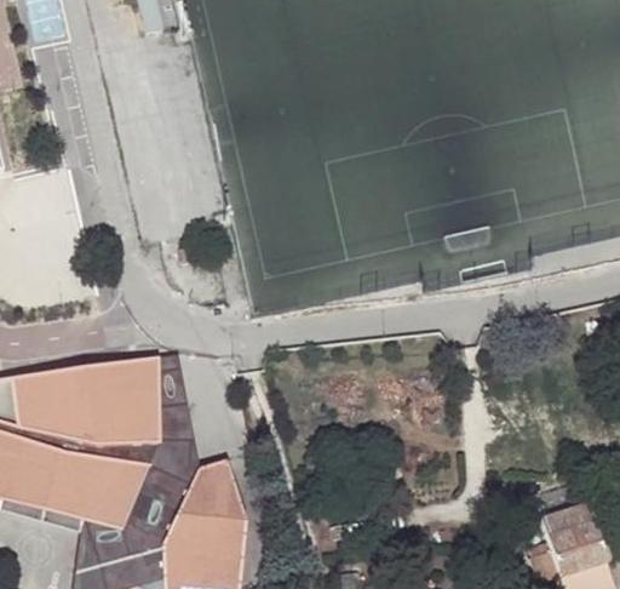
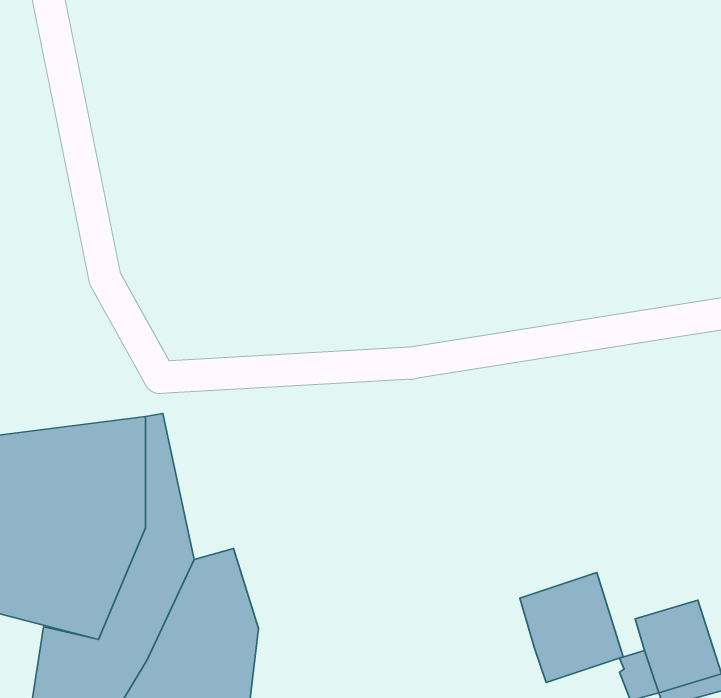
building: none -> [520,572,623,683]

